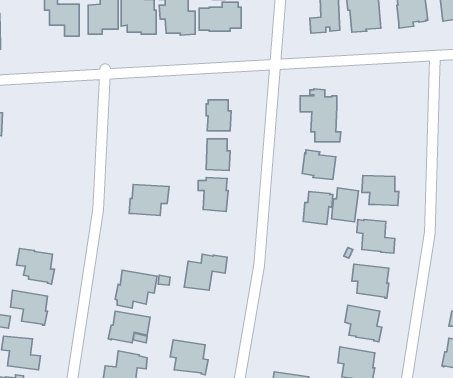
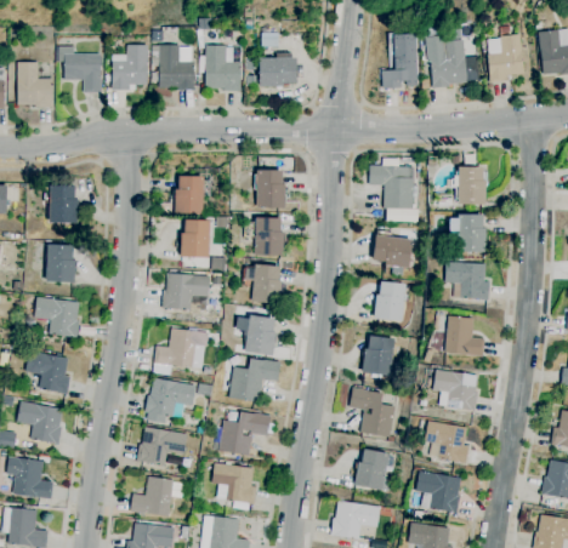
building: none -> [17,62,52,107]
building: none -> [447,166,485,205]
building: none -> [175,176,203,212]
building: none -> [49,185,79,223]
building: none -> [448,213,485,251]
building: none -> [180,219,214,257]
building: none -> [46,242,75,282]
building: [332,188,359,222] -> [362,335,394,376]
building: none -> [34,296,80,338]
building: none -> [237,315,276,355]
building: none -> [153,327,206,367]
building: none -> [348,384,394,436]
building: none -> [218,411,271,456]
building: none -> [353,449,394,491]

